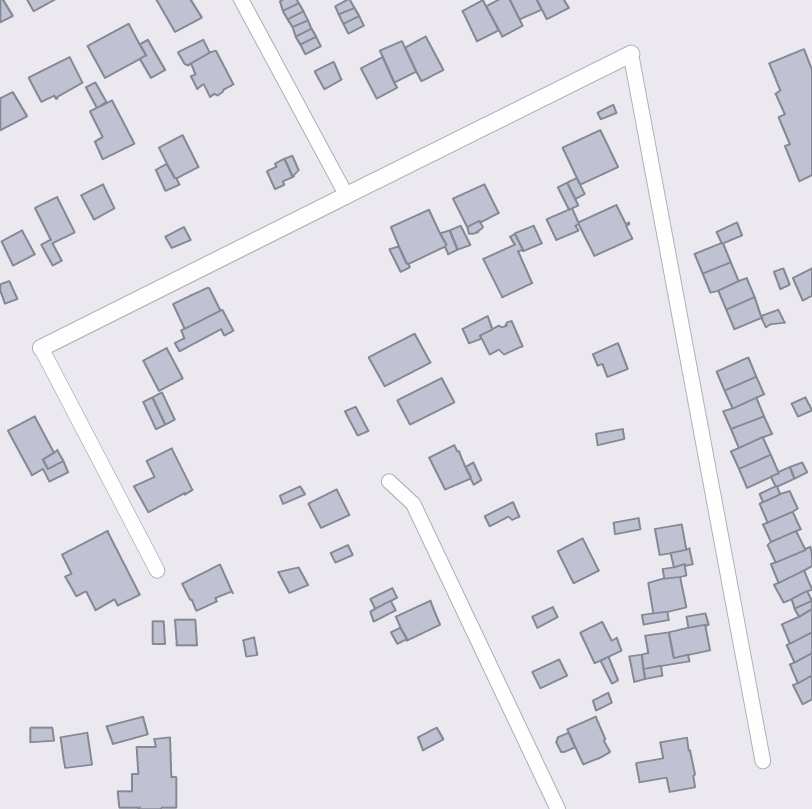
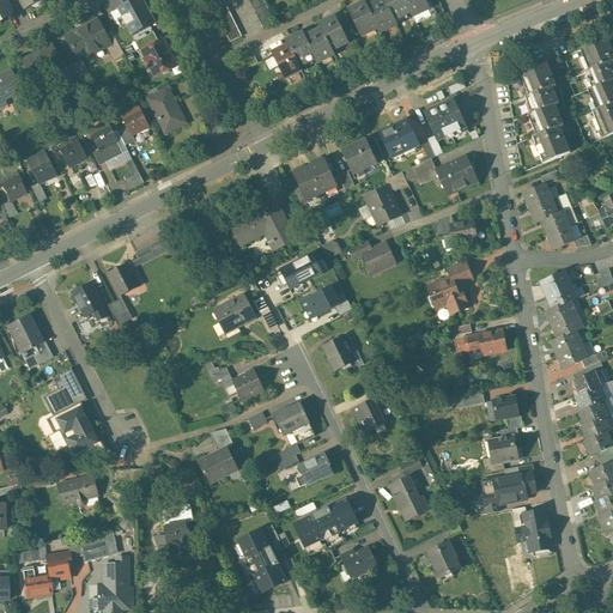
building: none -> [318,14,347,48]
building: none -> [520,62,570,162]
building: [90,100,134,159] -> [90,120,123,164]
building: none -> [150,87,180,131]
building: none -> [380,119,417,156]
building: none -> [231,198,295,249]
building: [173,288,220,329] -> none
building: none -> [443,219,475,248]
building: none -> [427,274,465,312]
building: none -> [73,280,104,315]
building: none -> [212,292,255,328]
building: none -> [466,328,505,353]
building: [134,448,193,512] -> [43,366,87,414]
building: none -> [273,402,315,442]
building: [558,539,599,583] -> [353,397,384,431]
building: [182,565,233,611] -> [199,447,237,481]
building: [580,622,621,663] -> [390,475,421,506]
building: none -> [57,474,97,503]
building: none -> [295,498,358,546]
building: none -> [164,520,190,546]
building: none -> [238,528,286,591]
building: none -> [340,546,377,578]
building: [636,738,695,792] -> [505,509,550,550]
building: none -> [22,565,50,596]

